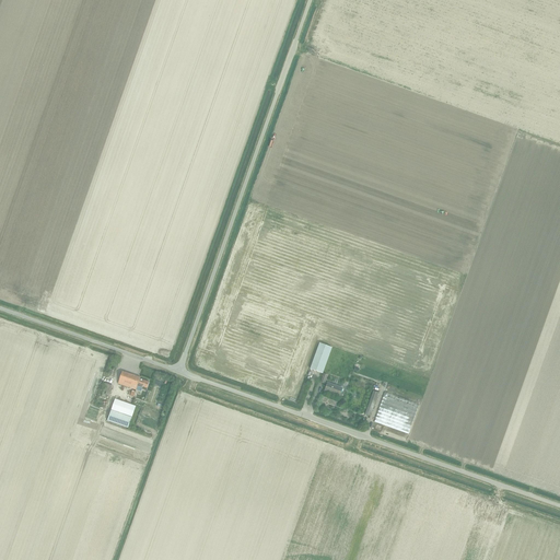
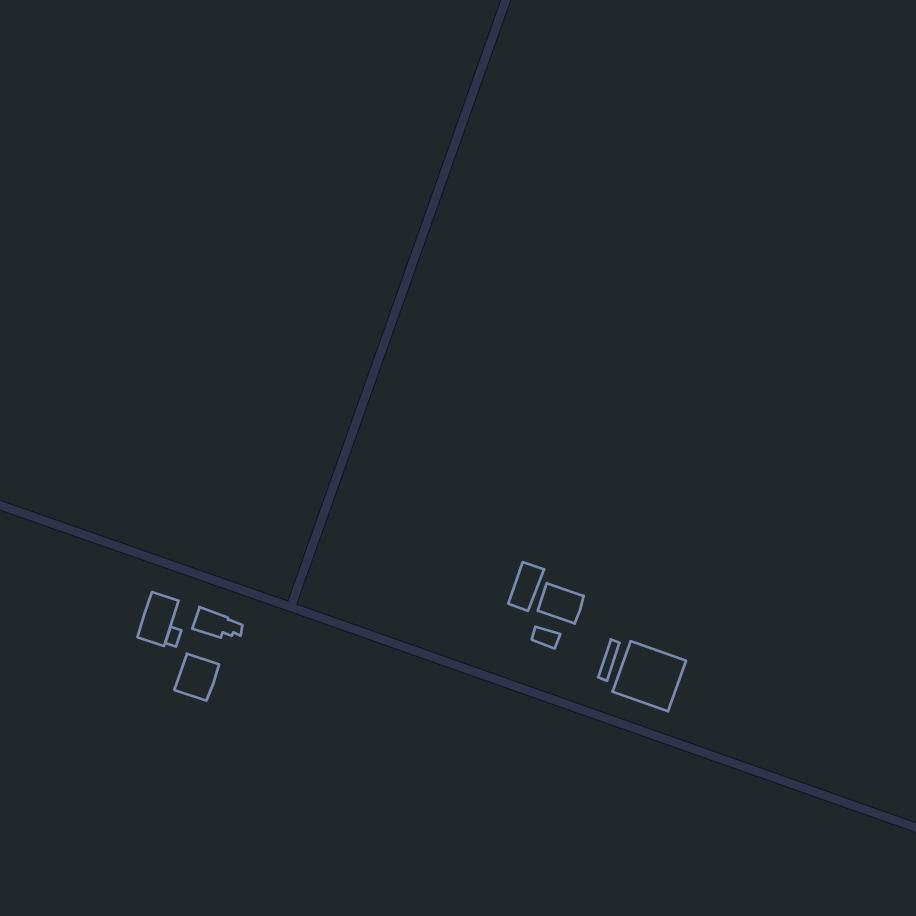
building: none -> [538,583,584,624]
building: none -> [138,592,179,646]

